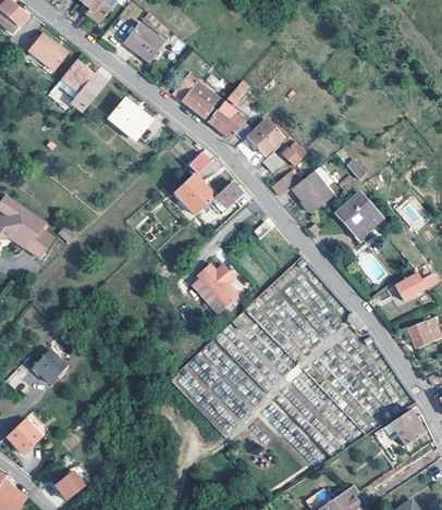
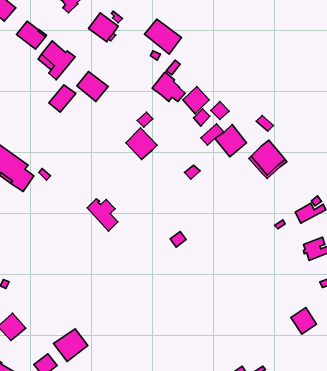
building: [171,73,220,119] -> [144,19,182,54]
building: none -> [49,85,76,112]
building: [208,182,243,215] -> none
building: [197,264,237,307] -> [87,199,118,231]
building: [30,349,65,384] -> none
building: none -> [54,329,88,361]

